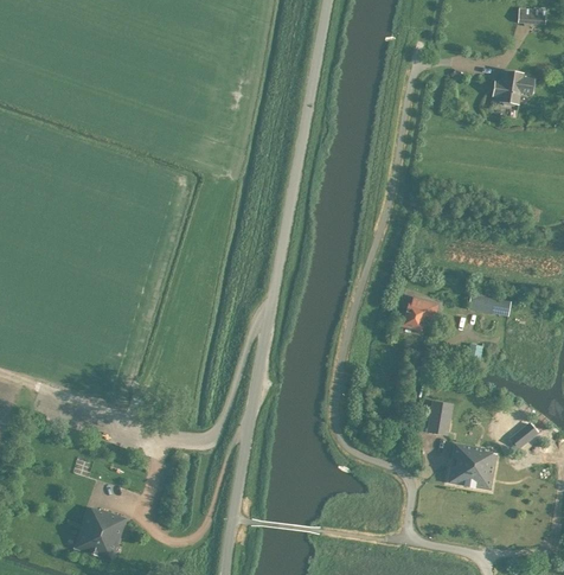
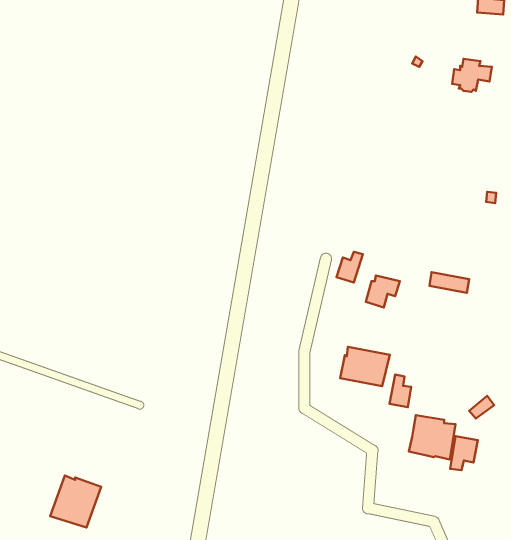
building: none -> [336,252,363,283]
building: none -> [340,347,390,386]
building: none -> [450,436,478,470]

